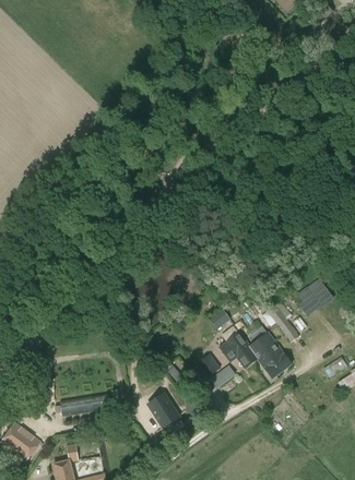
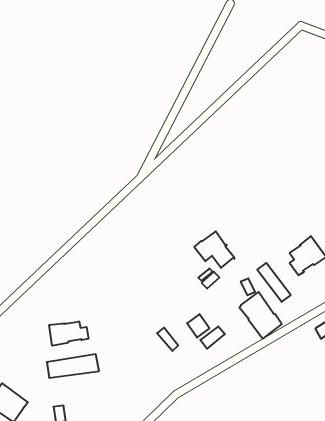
building: [218,332,258,368] -> [194,231,234,268]
building: none -> [49,321,88,346]
building: [147,396,181,430] -> none

